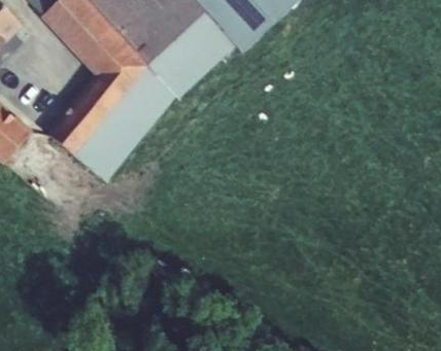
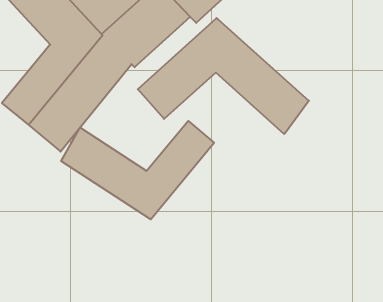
building: none -> [138,18,309,134]
building: none -> [61,121,214,219]

